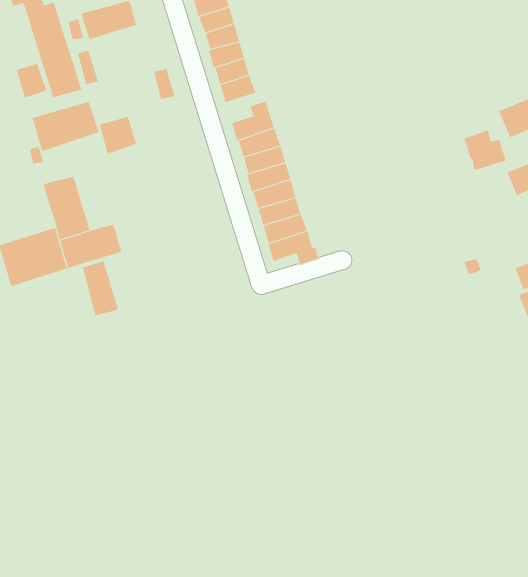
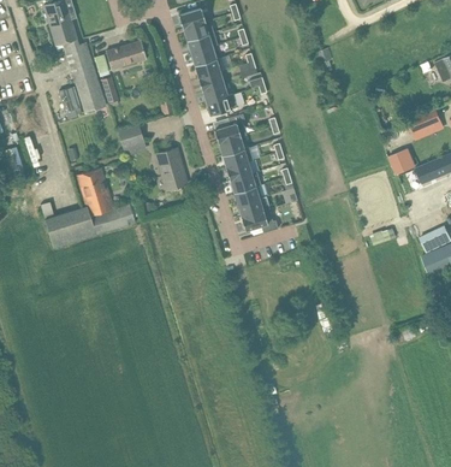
building: [32,101,99,152] -> none
building: none -> [156,148,186,190]
building: [82,261,119,316] -> none

